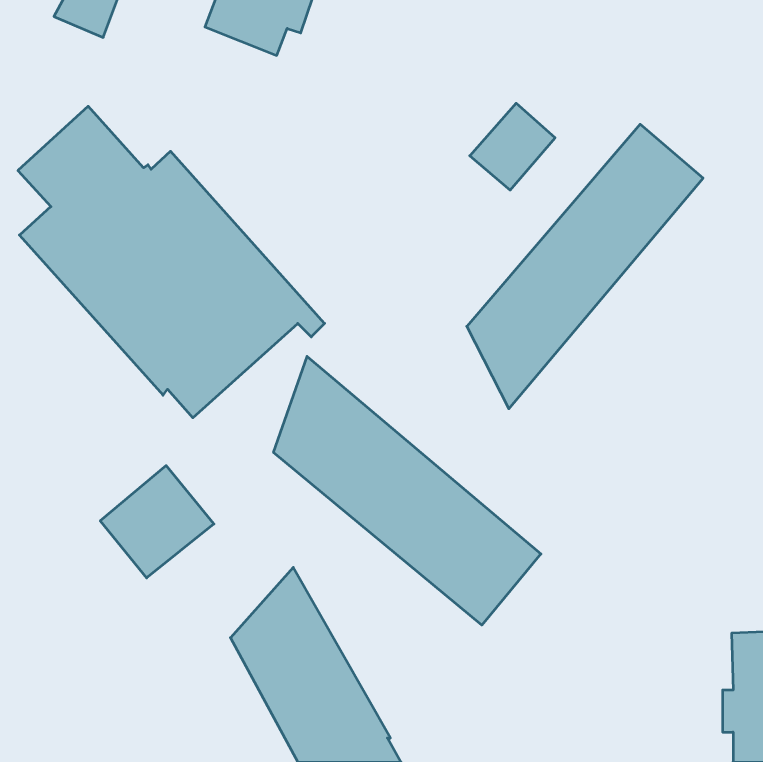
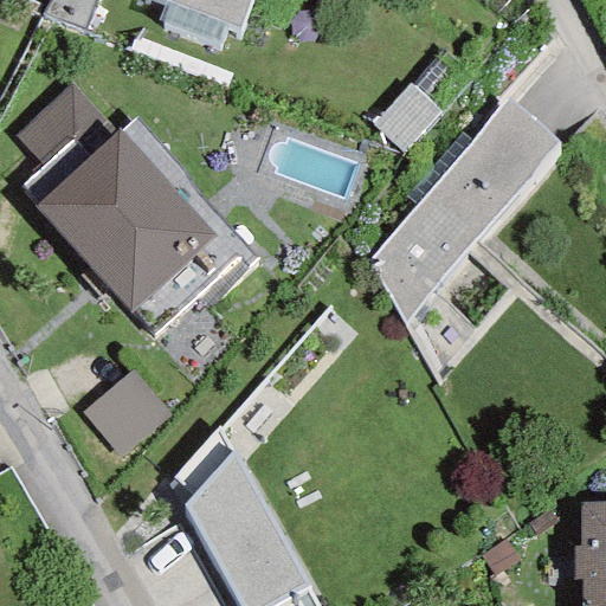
building: [274,356,541,625] -> none

